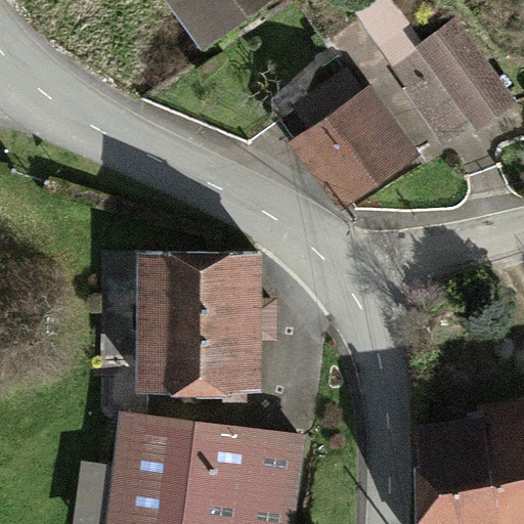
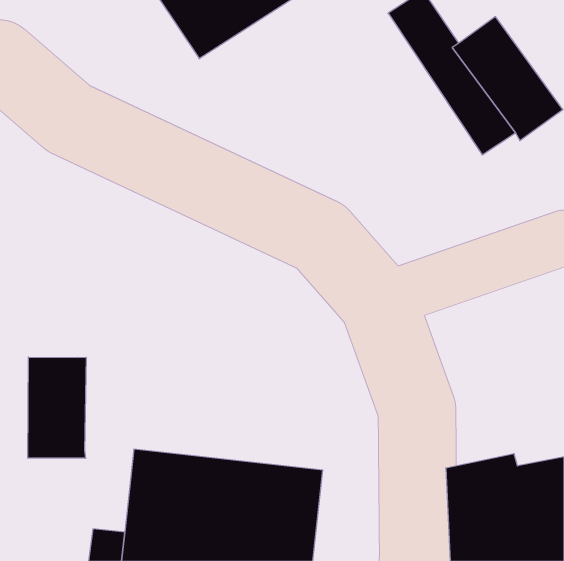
building: [300,61,421,205] -> none
building: [137,265,272,408] -> none
building: none -> [28,357,86,458]

